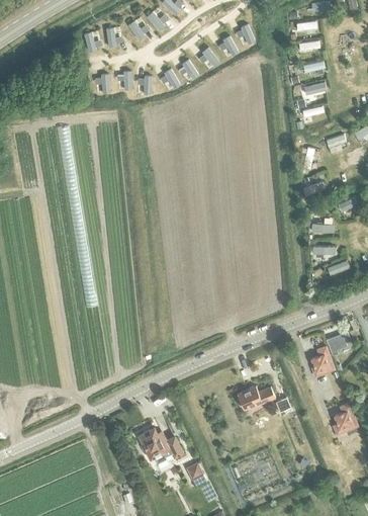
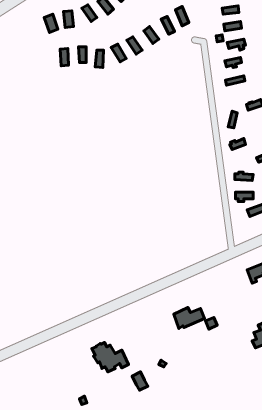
building: [311,346,335,376] -> none

